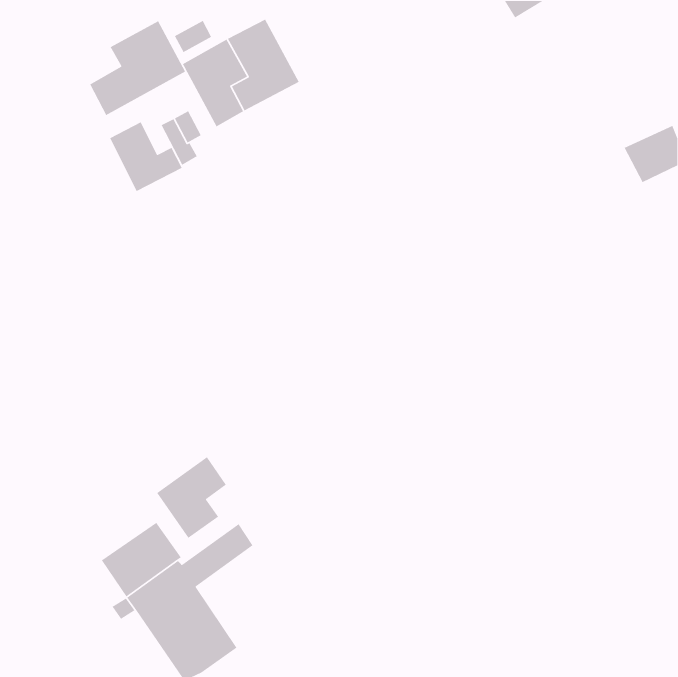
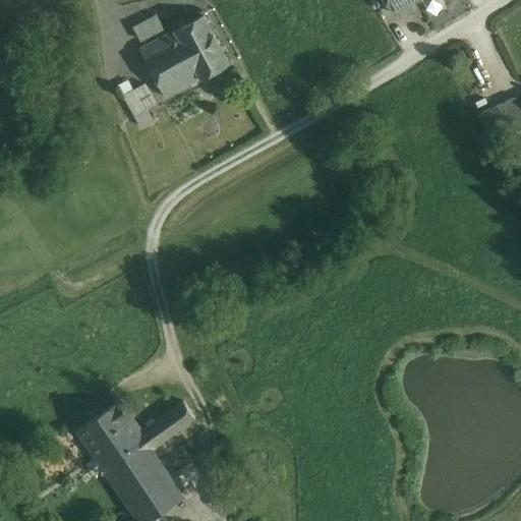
building: [89,20,186,116] -> none
building: [109,121,183,192] -> none
building: [156,456,227,539] -> none

